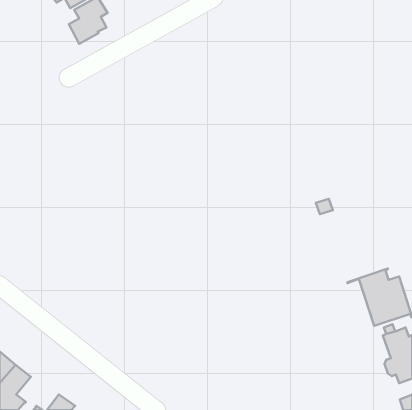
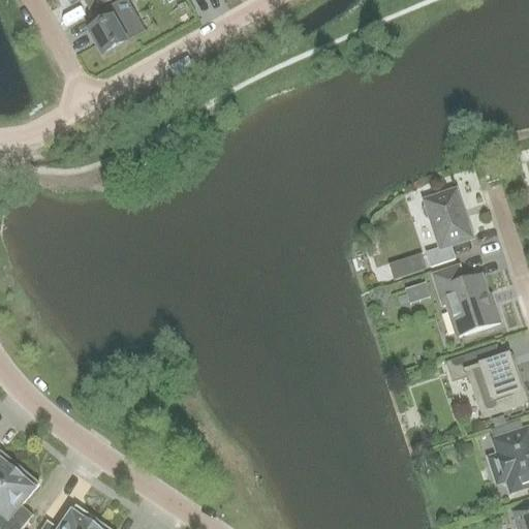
building: none -> [423,188,471,264]
building: none -> [432,264,499,335]

